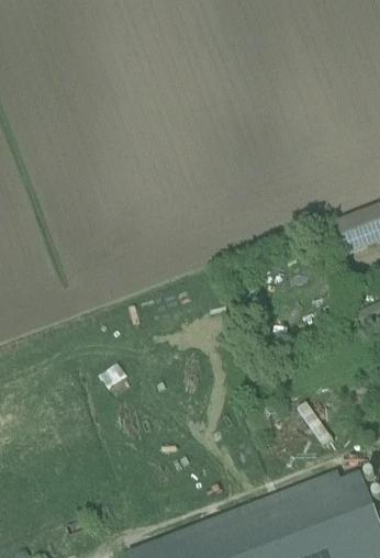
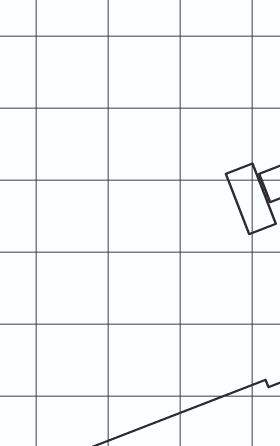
building: none -> [226,164,276,234]

